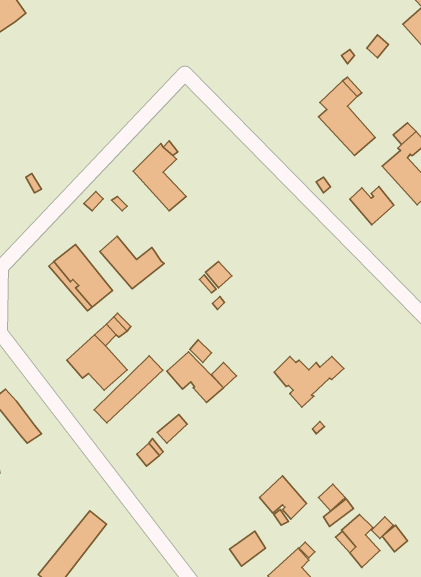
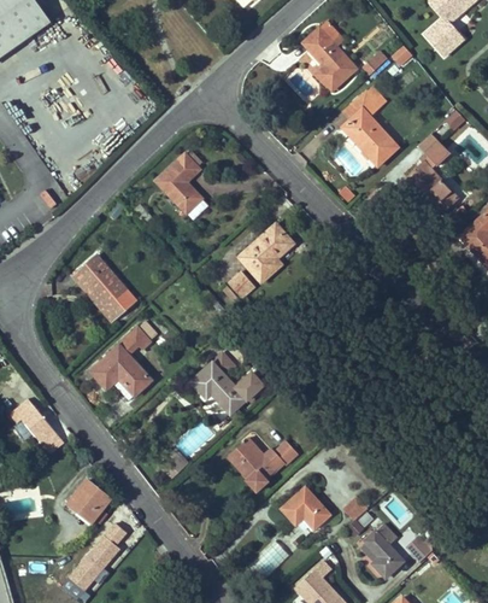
building: none -> [304,21,357,89]
building: [350,187,394,225] -> none
building: none -> [240,224,292,280]
building: [100,236,164,289] -> none
building: [94,356,163,423] -> none
building: [274,356,344,407] -> [229,440,299,491]
building: none -> [69,480,110,519]

